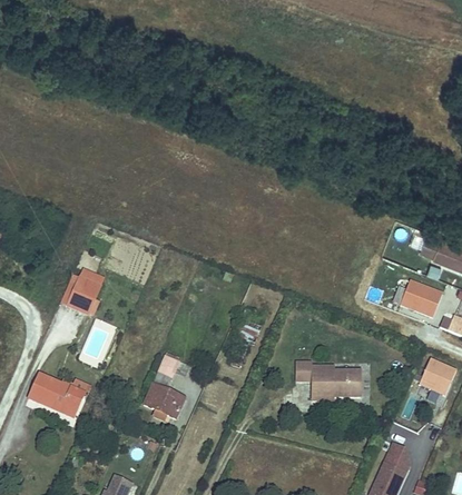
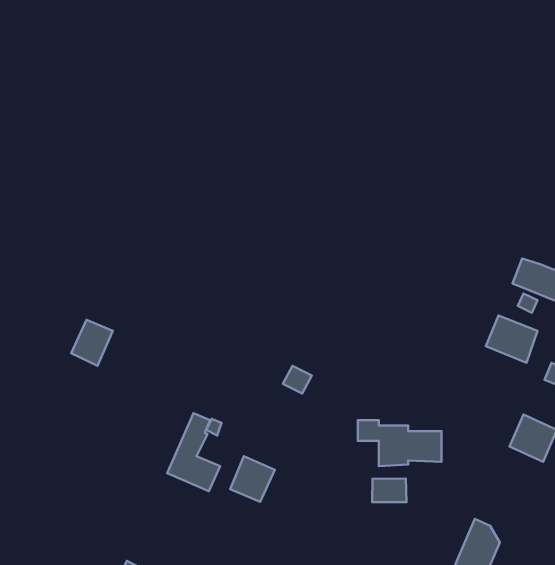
building: [30,378,83,419] -> none
building: none -> [230,456,275,502]
building: none -> [372,478,407,502]

